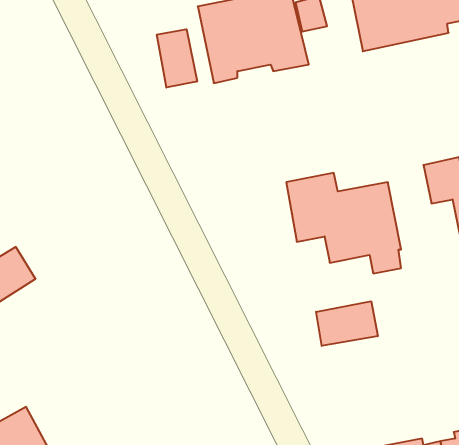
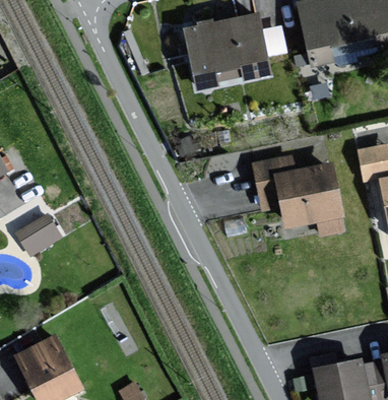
building: [157,29,197,88] -> none
building: [316,301,378,346] -> none

